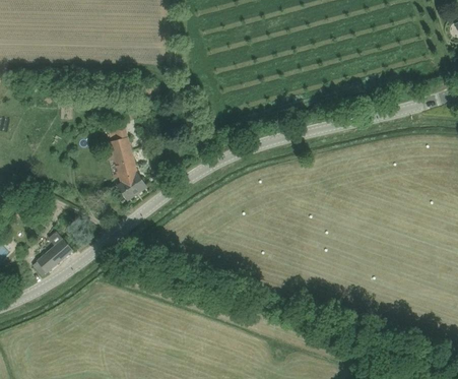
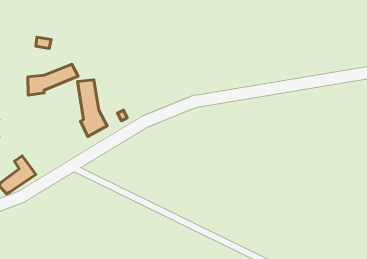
building: none -> [28,64,78,95]

